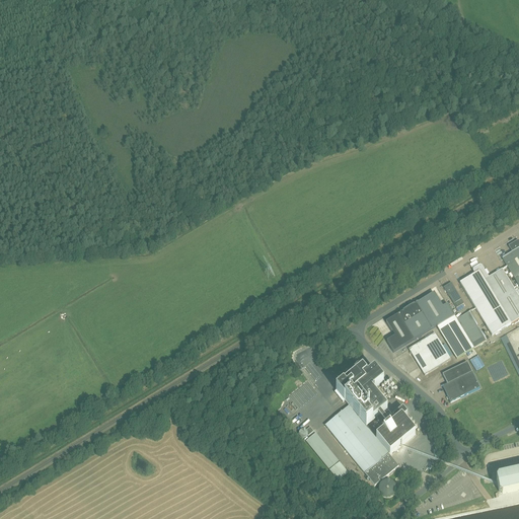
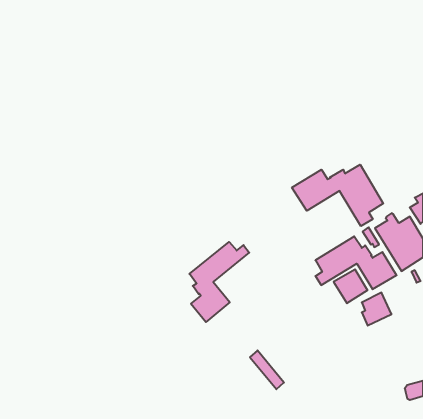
building: none -> [292,165,383,226]
building: none -> [189,242,249,322]
building: [325,366,415,493] -> none

